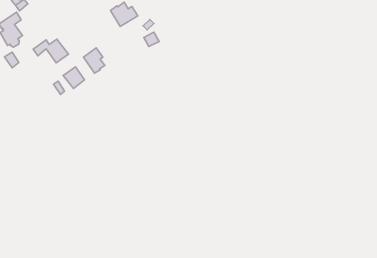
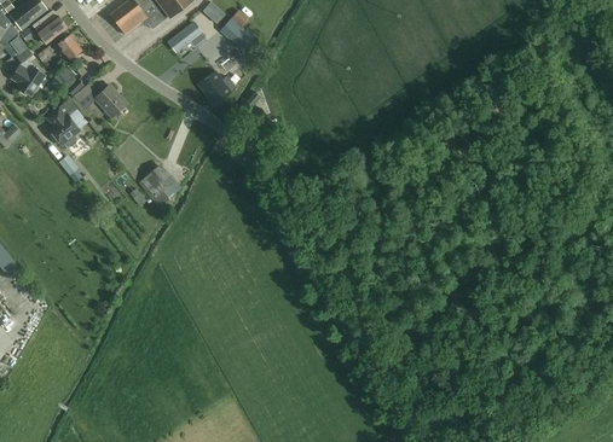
building: [33,39,68,63] -> [77,86,127,118]
building: [83,48,105,73] -> none

